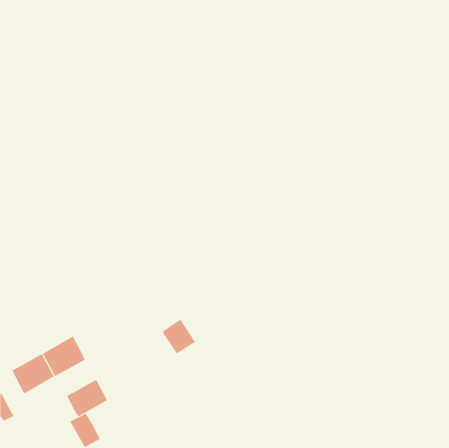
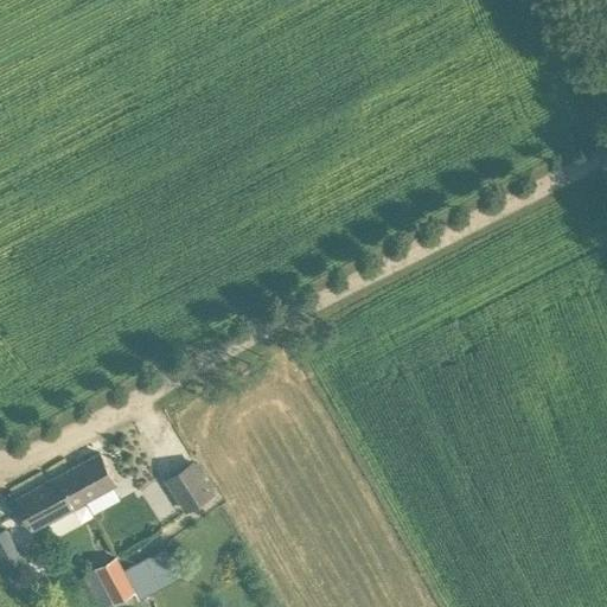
building: [162,319,196,354] -> [166,465,212,512]
building: [67,379,108,417] -> [124,550,180,601]

